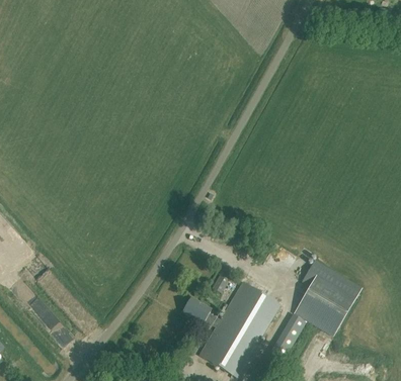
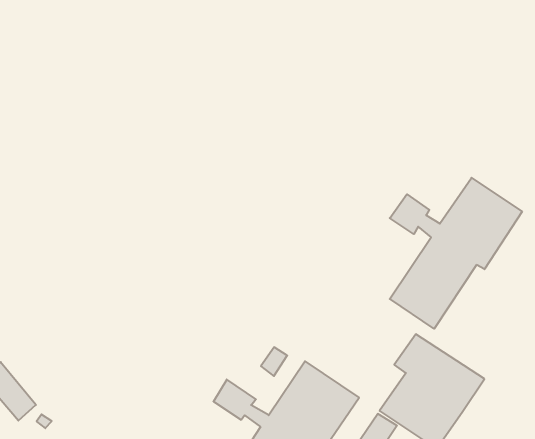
building: none -> [390,178,522,329]

